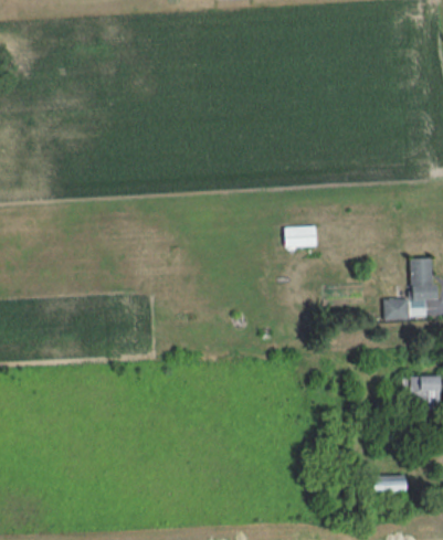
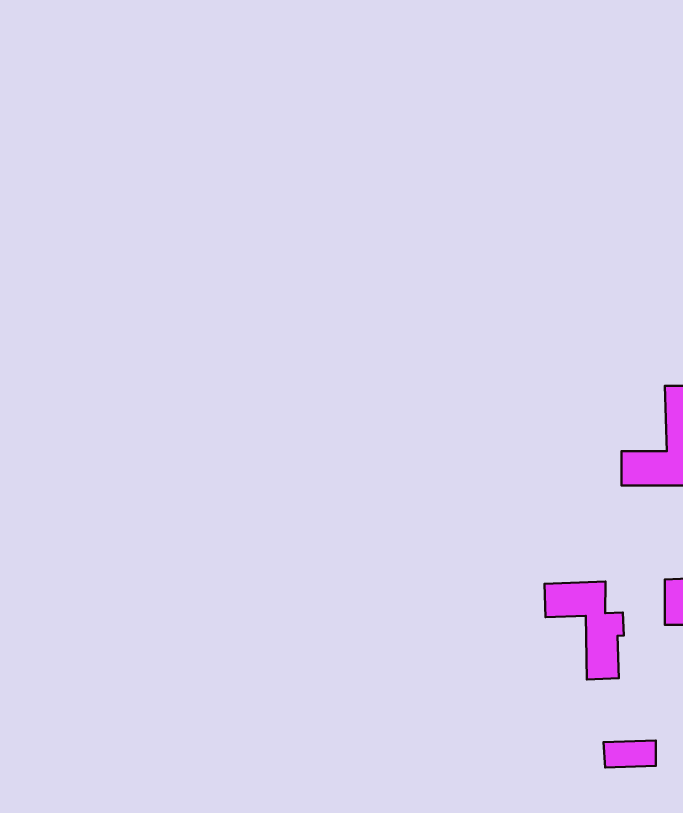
building: [285,226,317,246] -> none
building: none -> [544,581,624,680]

